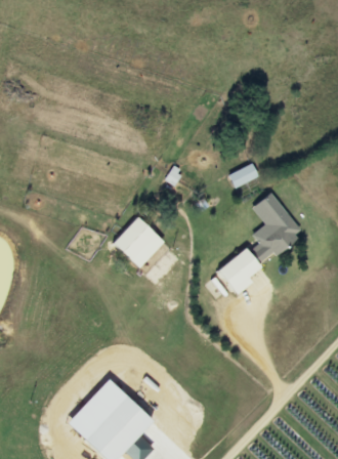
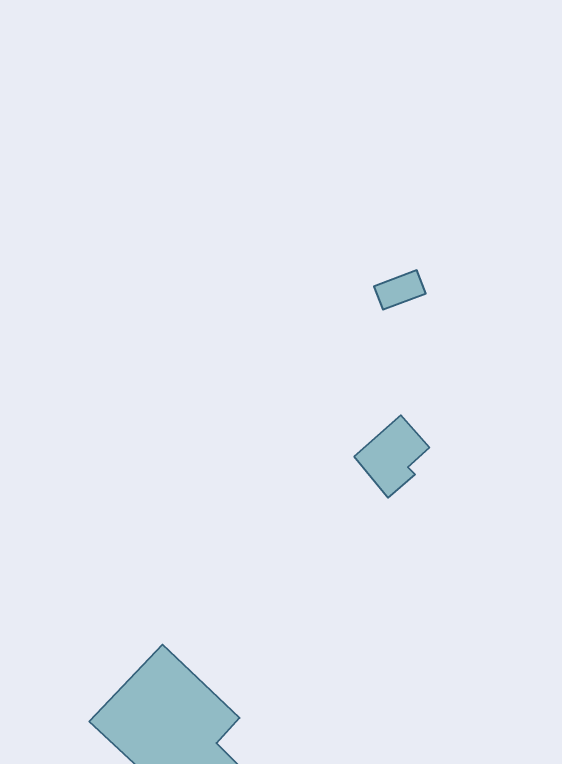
building: [250,193,302,264] -> none
building: [113,216,165,267] -> none

